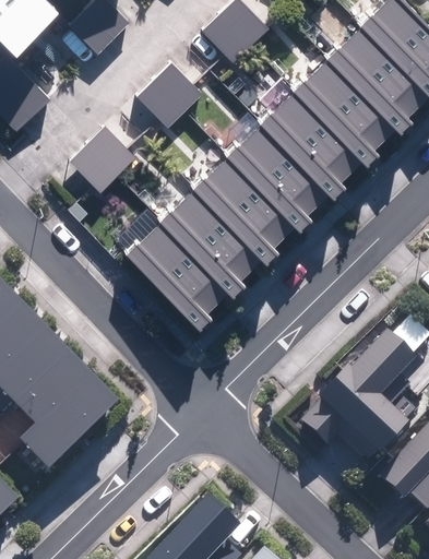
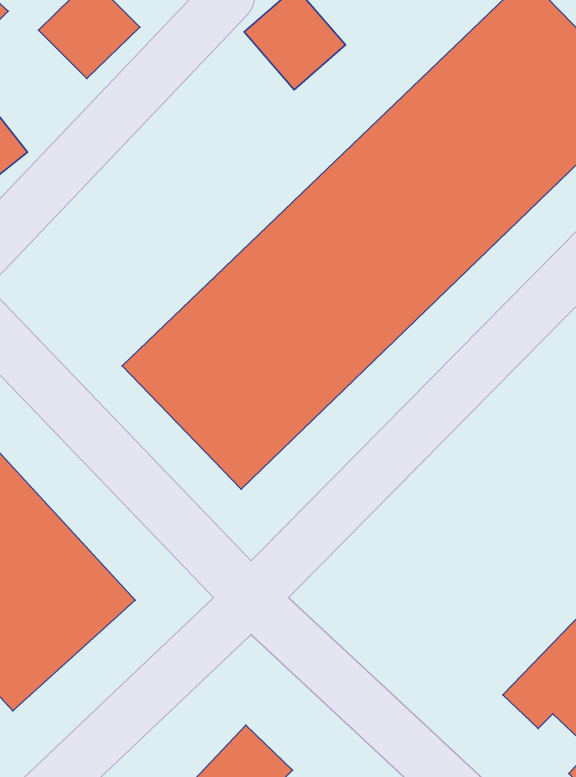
building: [134,61,204,131] -> none
building: [64,129,130,193] -> none
building: [314,332,410,454] -> none

